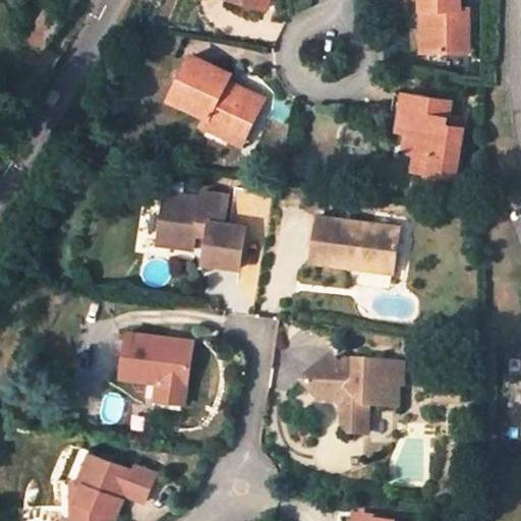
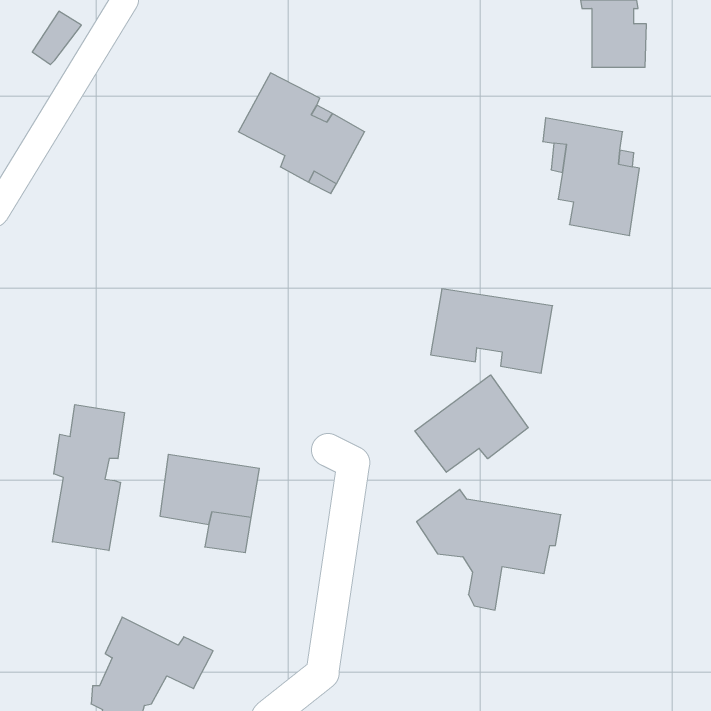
building: [151,190,241,264] -> none
building: none -> [415,375,528,472]
building: none -> [52,405,124,551]

